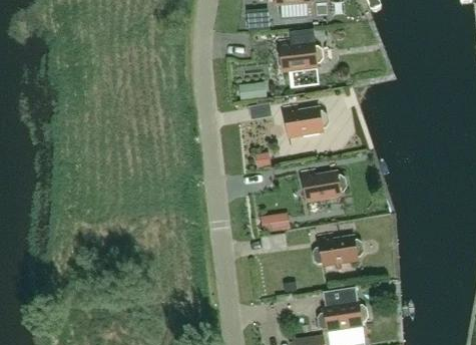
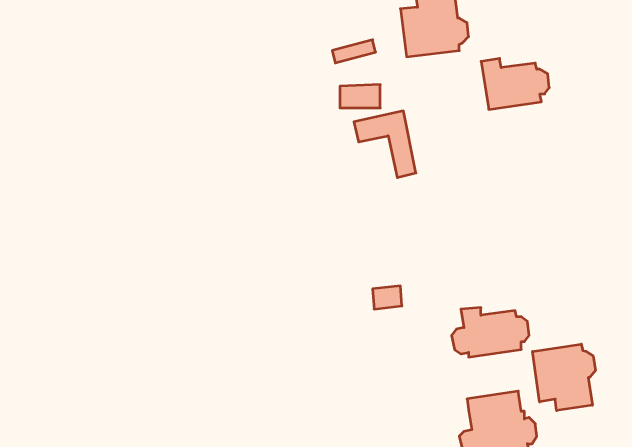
building: [284,103,328,136] -> [481,58,549,109]
building: [301,168,346,201] -> none
building: none -> [533,344,595,411]

